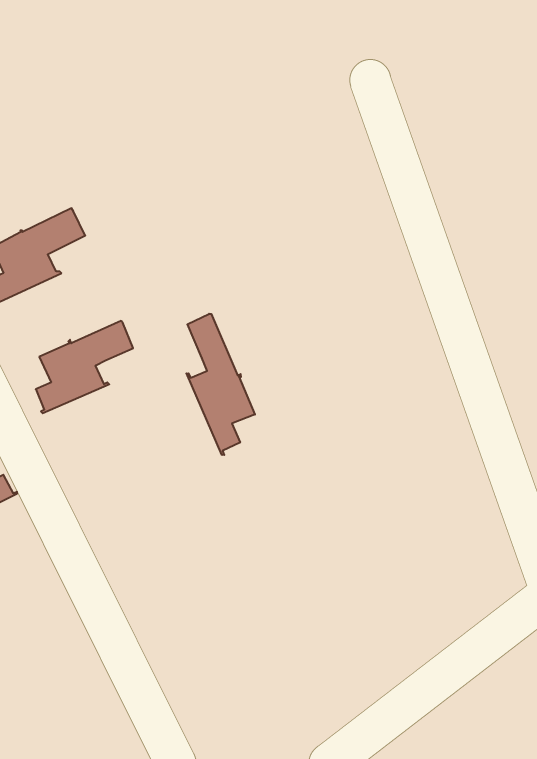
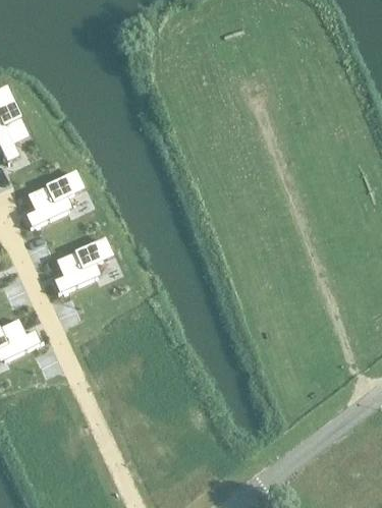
building: [186,314,255,455] -> none

